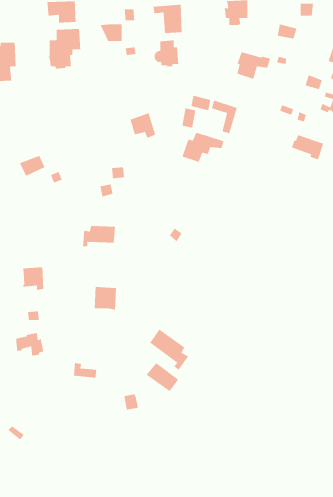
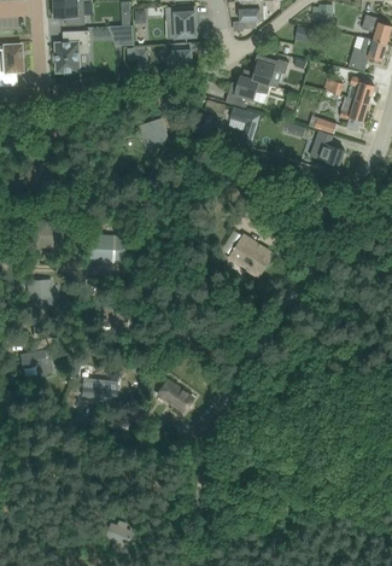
building: [182,132,225,163] -> [226,75,270,107]
building: none -> [27,223,52,246]
building: none -> [228,234,273,275]
building: [149,328,189,371] -> none

